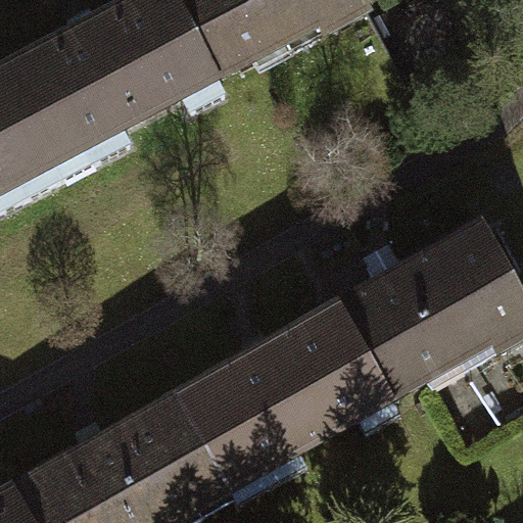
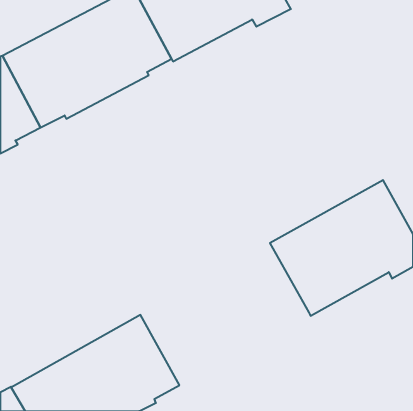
building: [178,307,390,487] -> none

